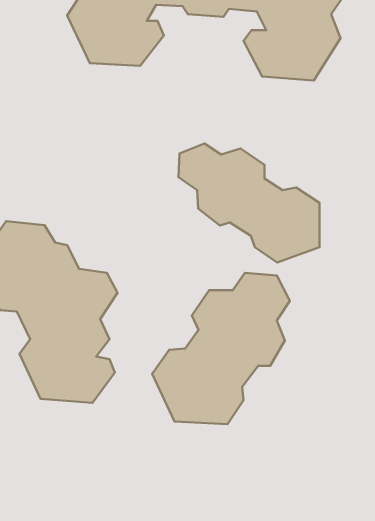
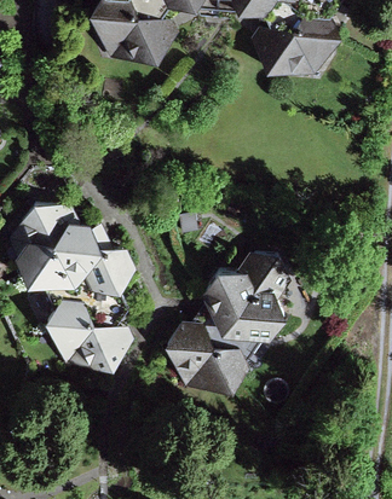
building: [179,143,320,263] -> none

